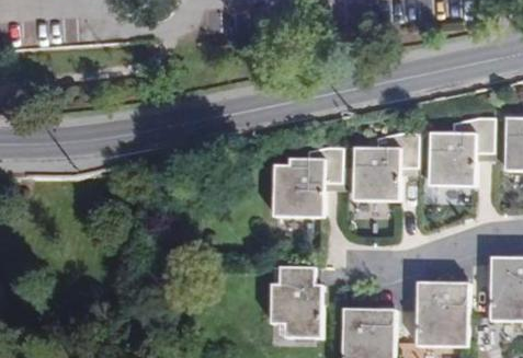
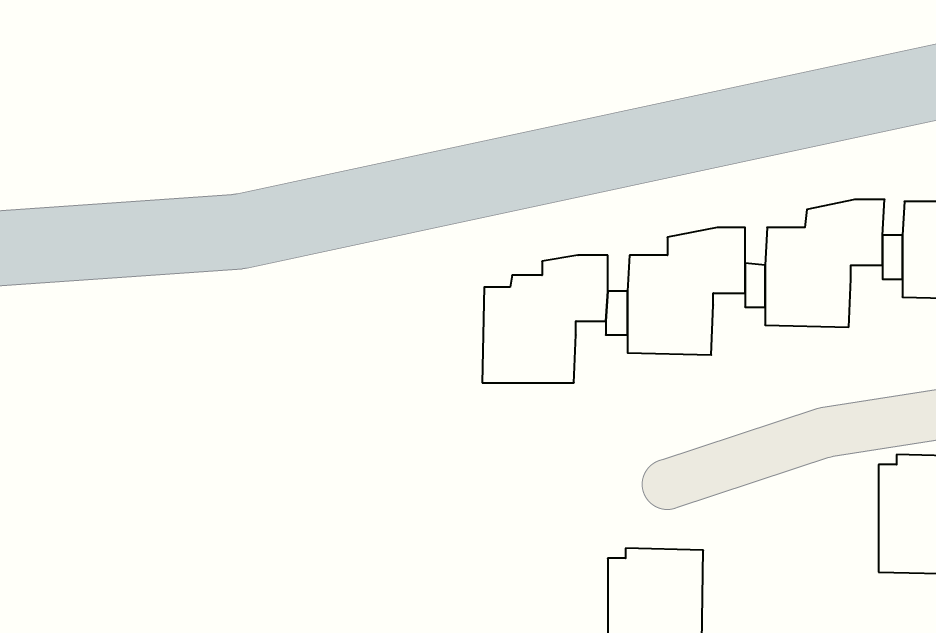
building: [273,266,325,338] -> none
building: [414,281,467,346] -> none

